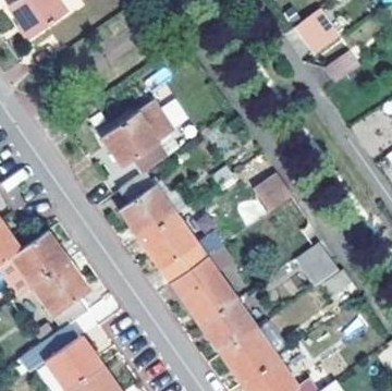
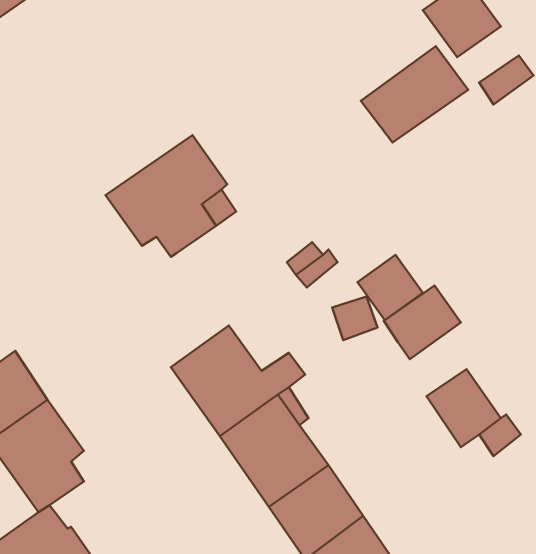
building: none -> [361,46,468,143]
building: [119,171,175,240] -> none
building: none -> [384,286,461,359]

